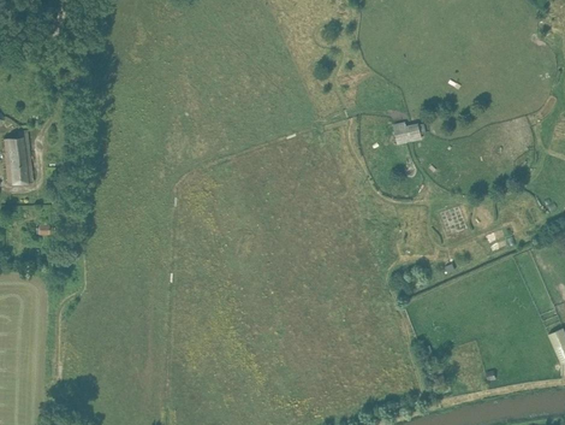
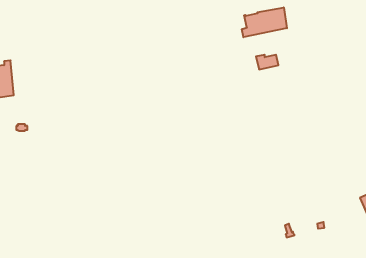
building: none -> [242,7,287,37]

